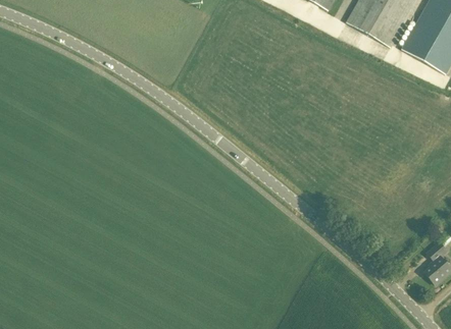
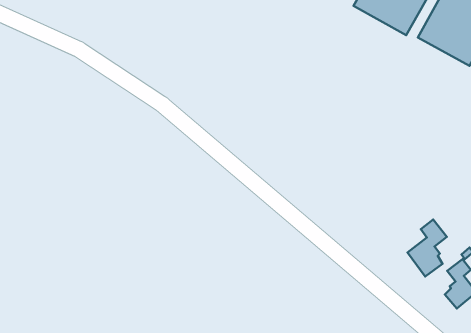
building: none -> [408,219,447,276]

